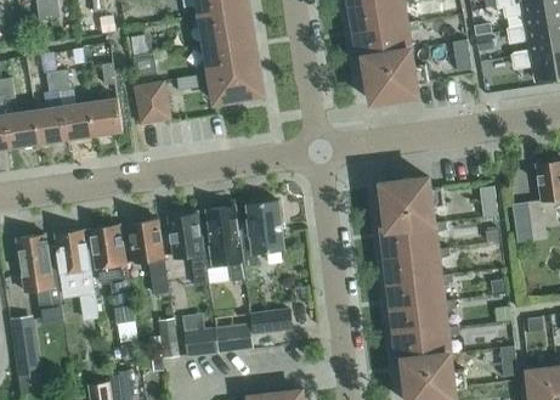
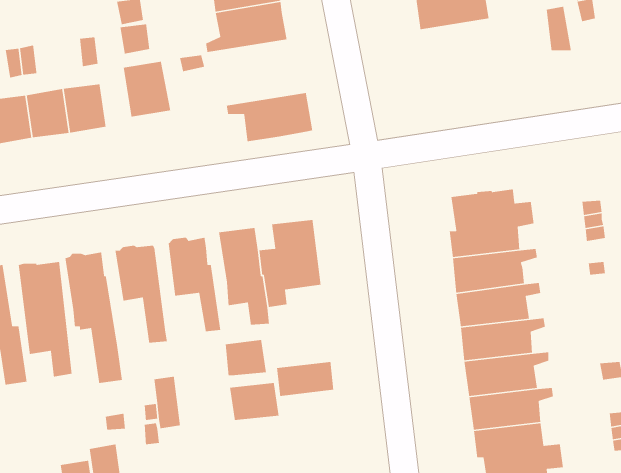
building: [357,50,428,103] -> none
building: [197,66,262,103] -> [226,92,313,142]
building: [183,328,215,356] -> [225,339,267,376]

